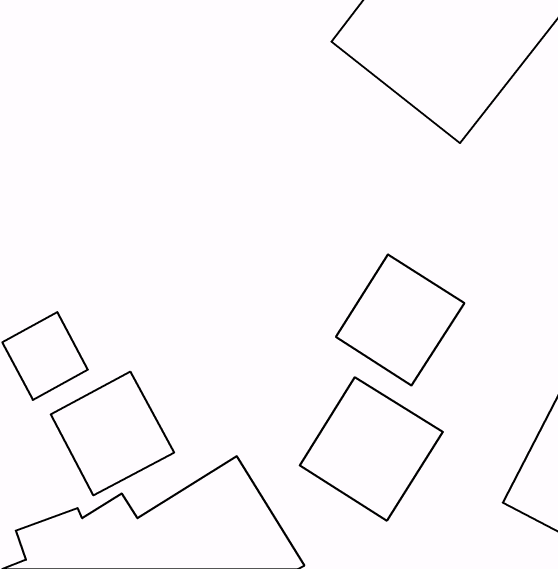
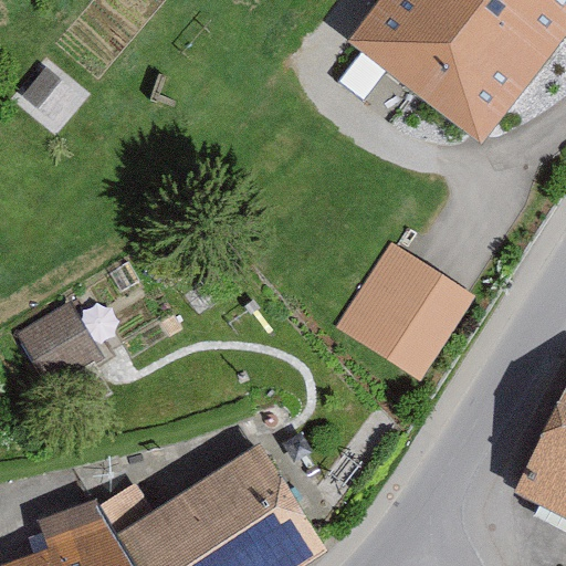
building: [51,372,174,495] -> none
building: [300,377,443,521] -> none

